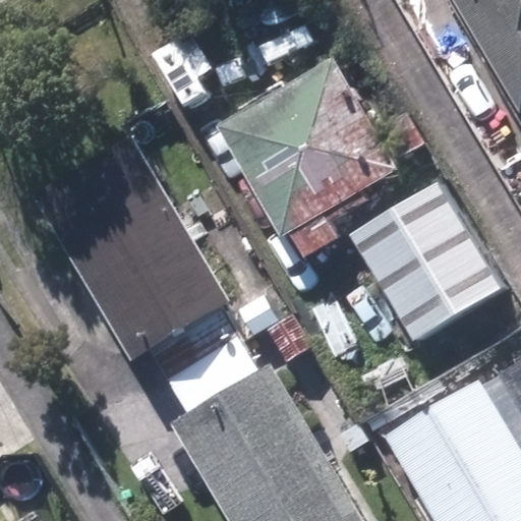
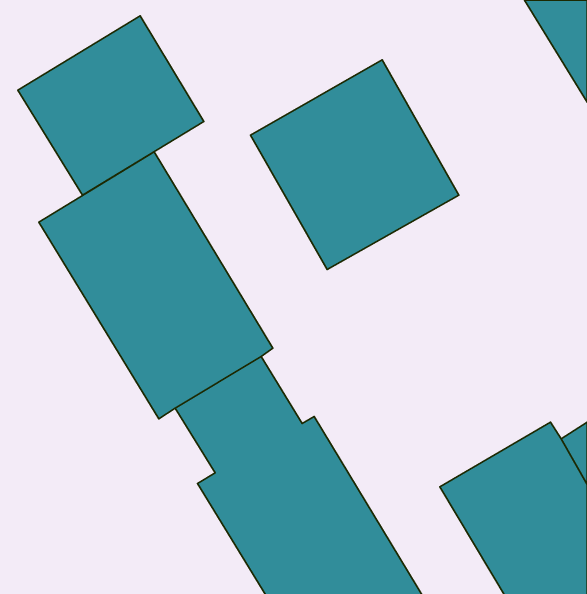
building: none -> [18,16,204,195]
building: [349,182,503,345] -> none

